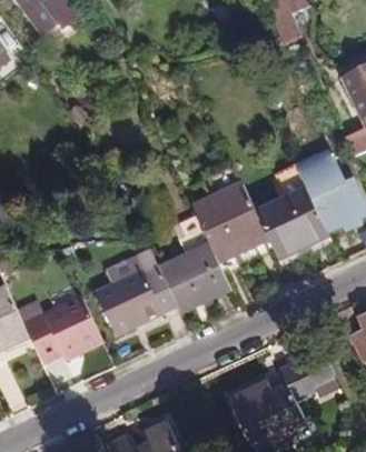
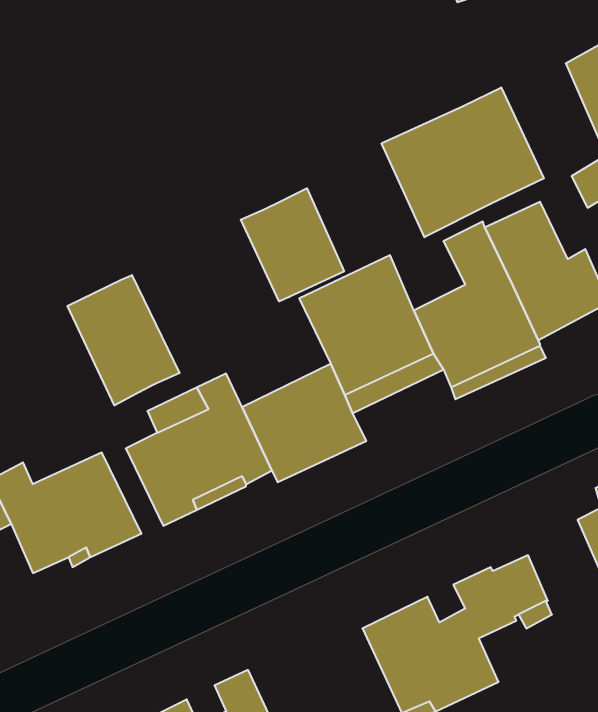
building: none -> [382,87,544,237]
building: none -> [241,188,344,301]
building: none -> [68,275,180,405]

